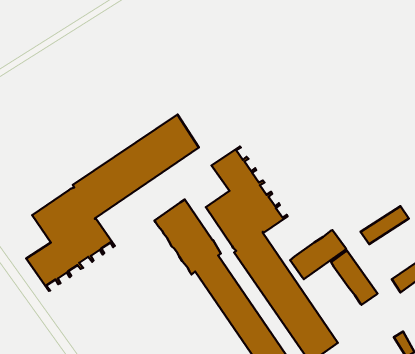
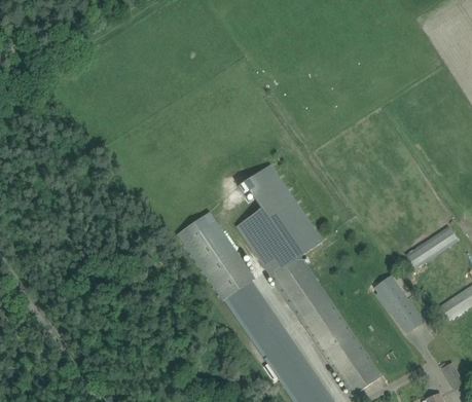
building: [26,115,199,291] -> none
building: [290,230,346,279] -> none

